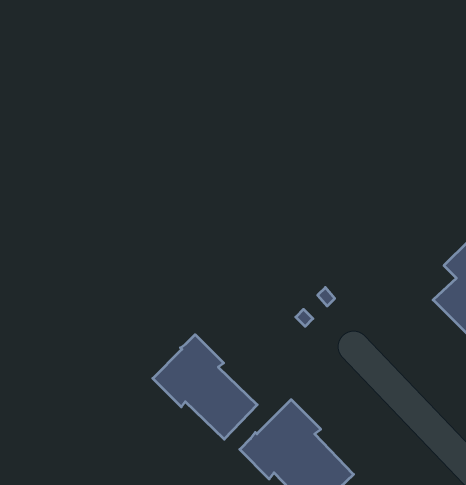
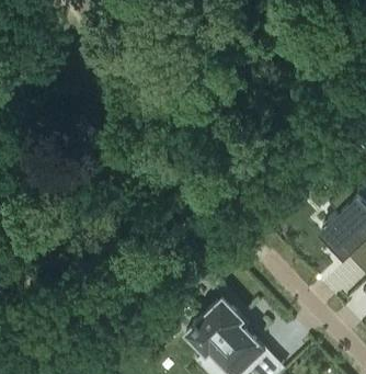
building: [153,335,257,439] -> none

